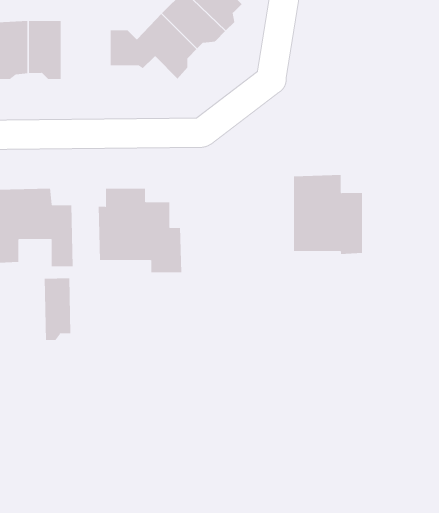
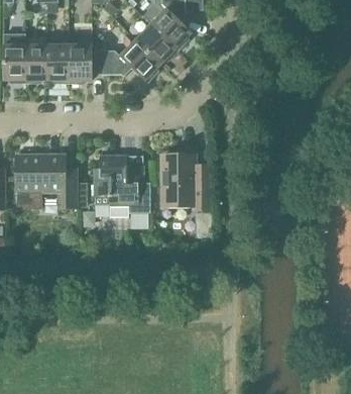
building: none -> [69,43,101,83]
building: [293,175,363,255] -> [161,155,208,208]
building: [44,278,71,341] -> none

